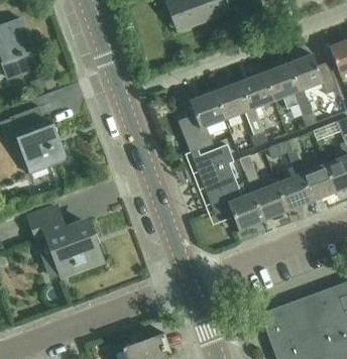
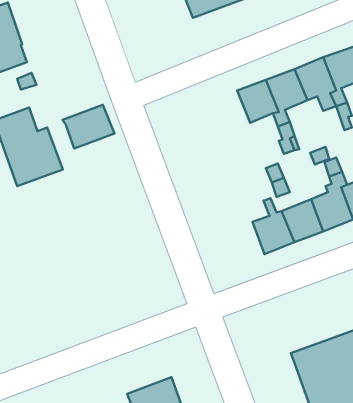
building: [182,92,225,151] -> none
building: none -> [62,105,115,148]
building: [193,144,241,211] -> none
building: [28,207,101,279] -> none

